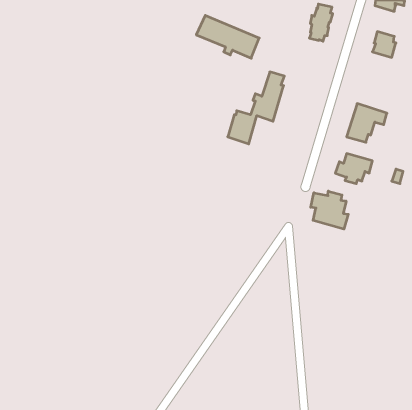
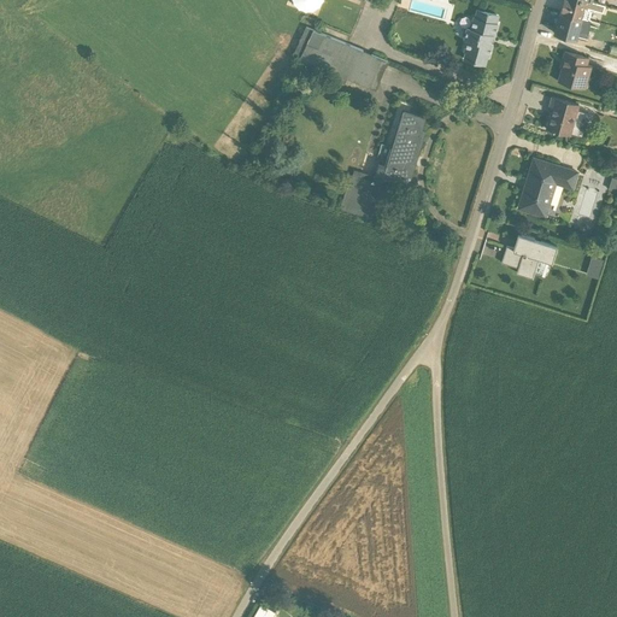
building: none -> [553,13,588,41]
building: none -> [545,98,580,137]
building: [311,191,348,229] -> none

